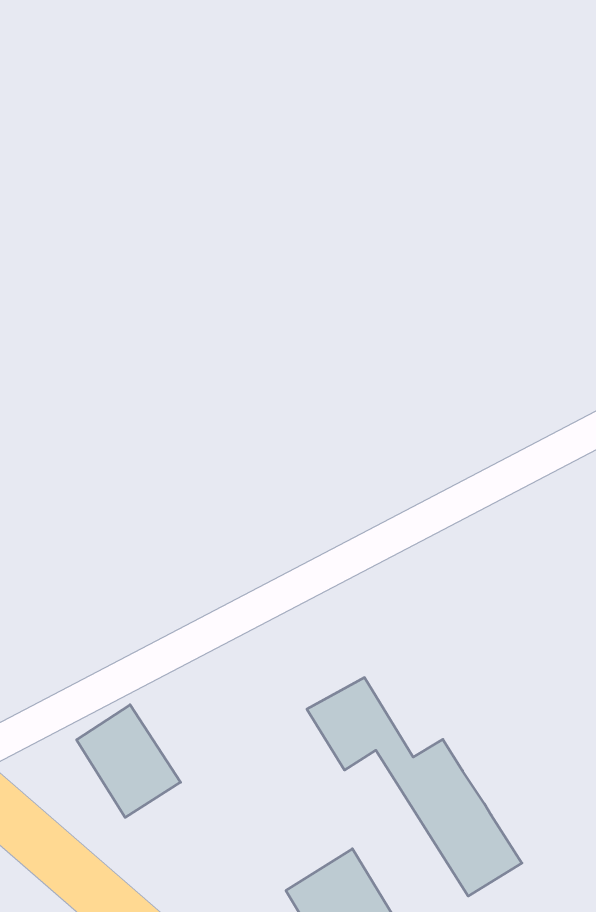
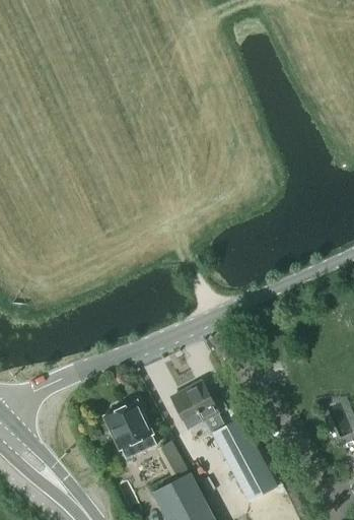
building: [77,705,181,817] -> [104,401,157,460]
building: none -> [156,442,188,475]

